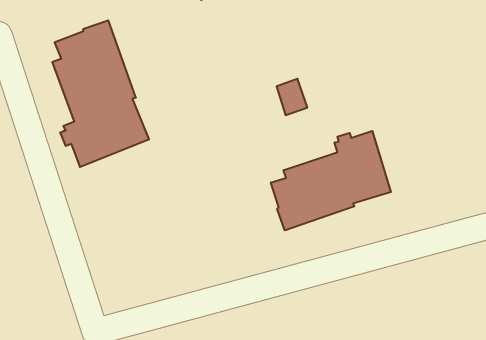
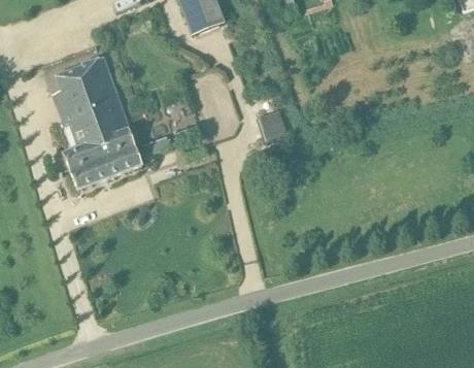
building: [271,131,391,230] -> none

